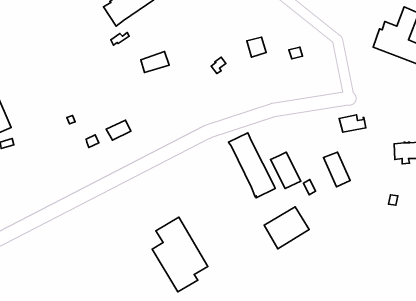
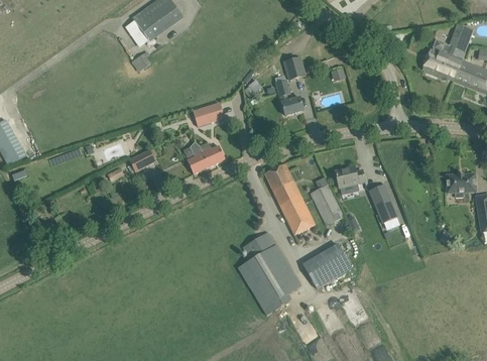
building: [141,52,169,73] -> [193,103,224,126]
building: none -> [275,80,302,115]
building: none -> [187,141,225,174]
building: [339,115,366,132] -> [335,167,364,187]
building: [152,217,208,292] -> [238,232,299,315]

